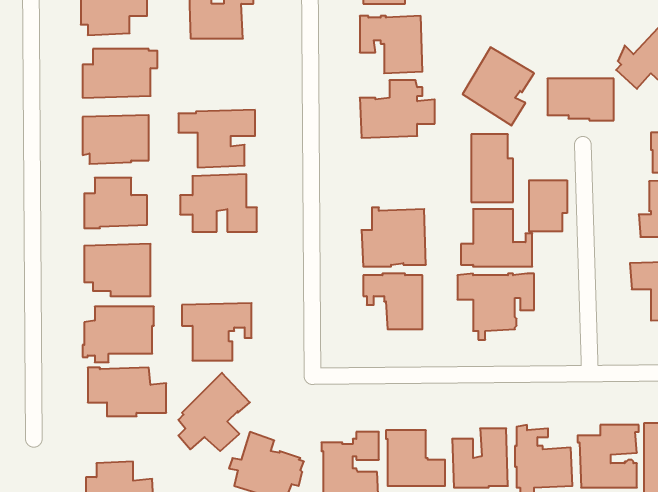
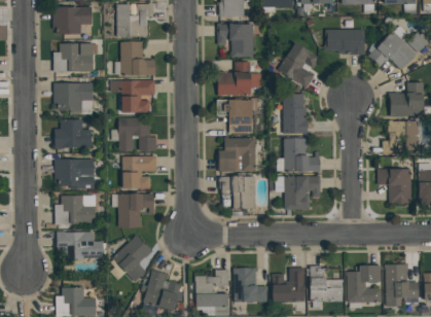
building: none -> [115,41,155,75]
building: [547,79,614,120] -> [325,30,364,55]
building: none -> [217,98,257,136]
building: [529,180,567,231] -> none
building: none -> [122,156,156,190]

